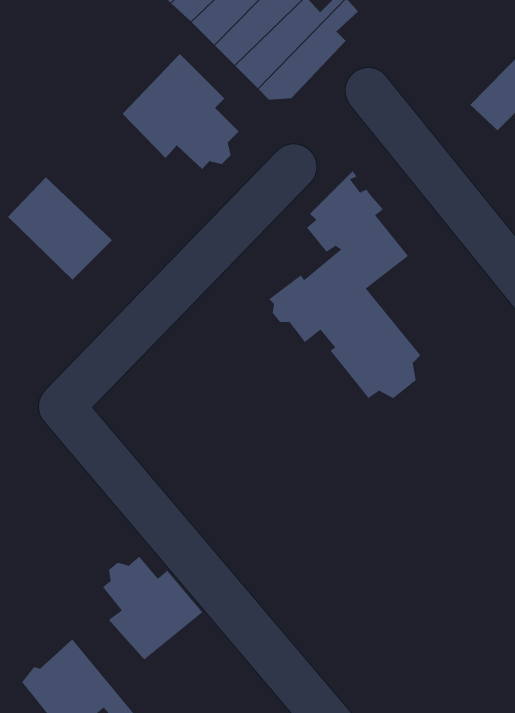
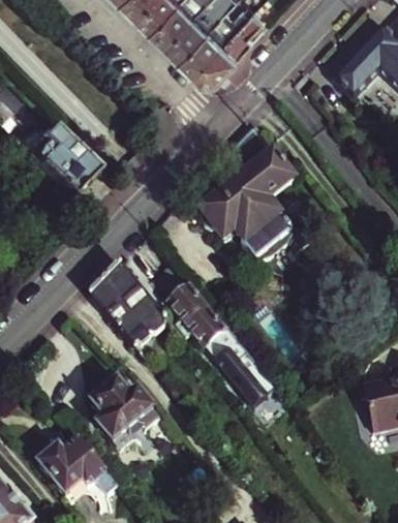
building: [122,53,239,170] -> none
building: none -> [90,259,169,345]
building: none -> [163,262,279,398]

